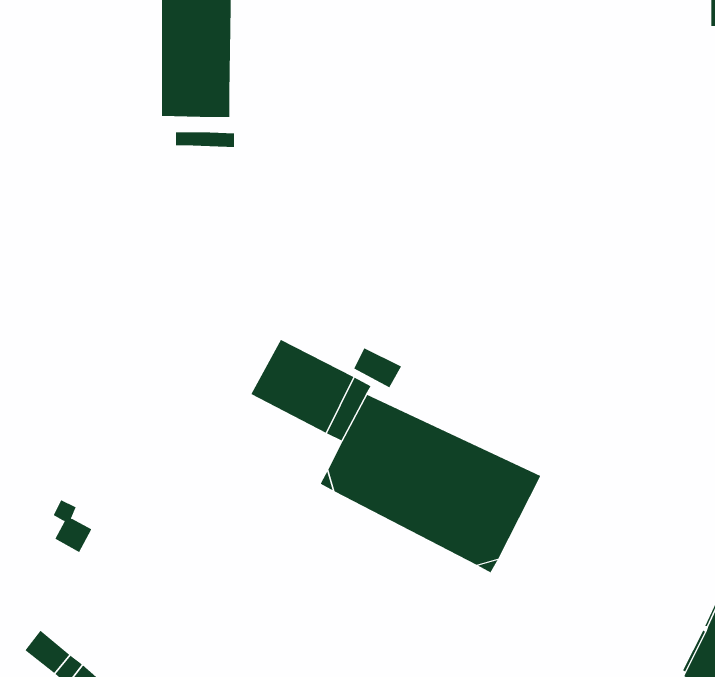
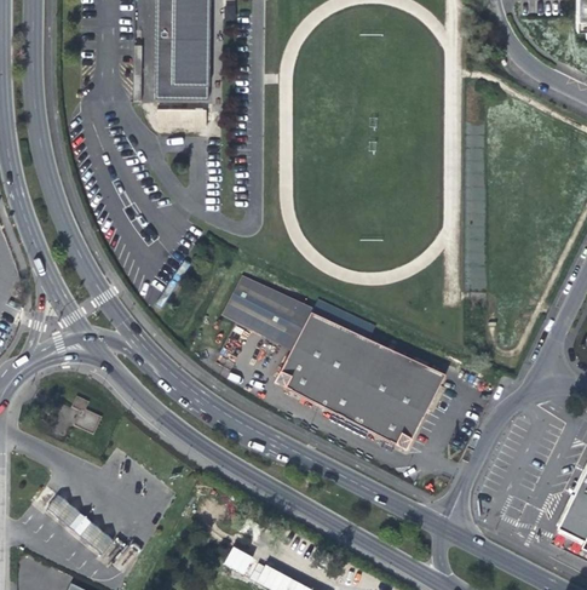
building: [354,348,402,388] -> none

